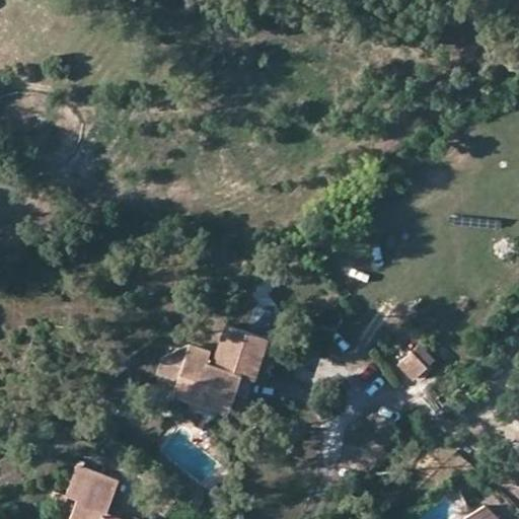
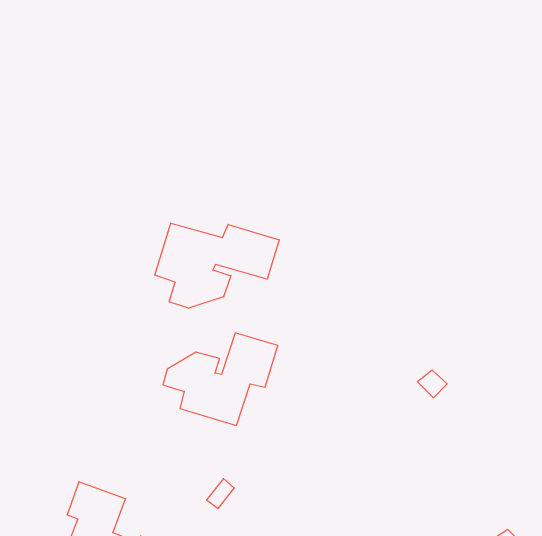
building: none -> [155,223,279,308]

